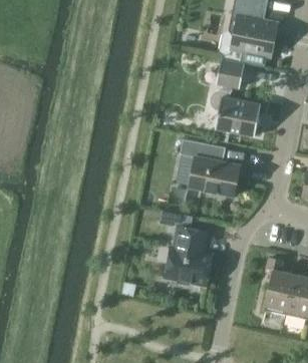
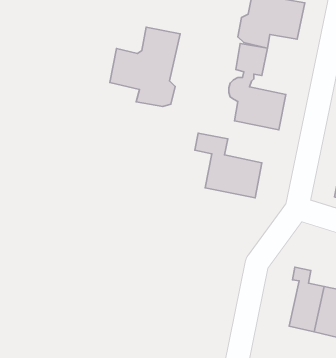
building: none -> [110,27,180,107]
building: [166,227,213,287] -> none

